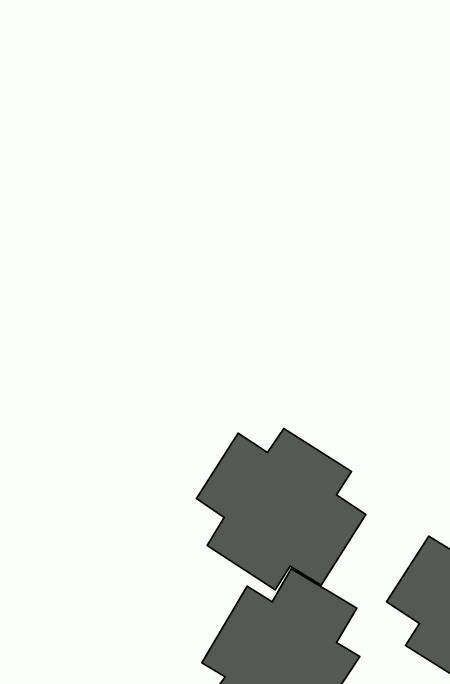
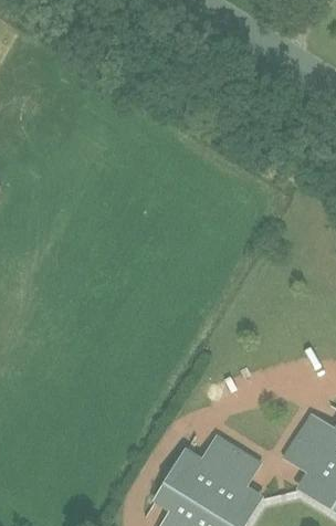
building: [196,428,366,590] -> none

